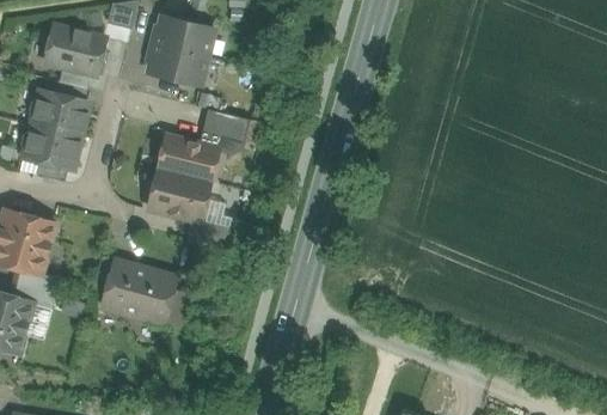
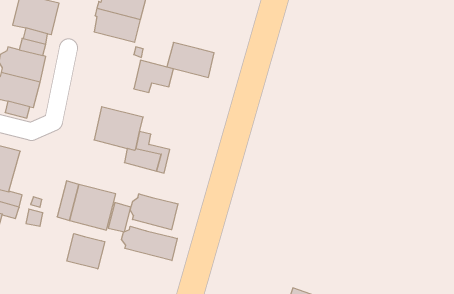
building: [159,135,219,179] -> [167,42,214,77]
building: none -> [130,194,178,230]
building: none -> [121,226,177,261]
building: none -> [67,234,105,269]

